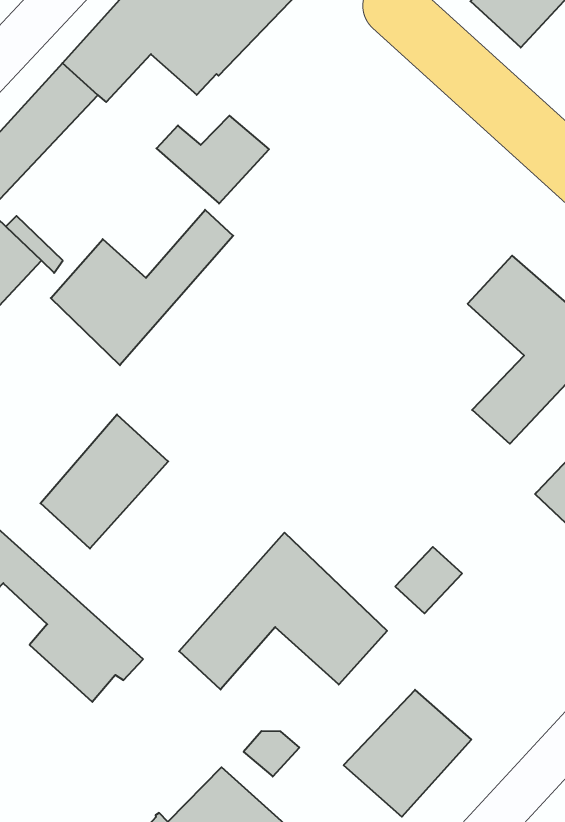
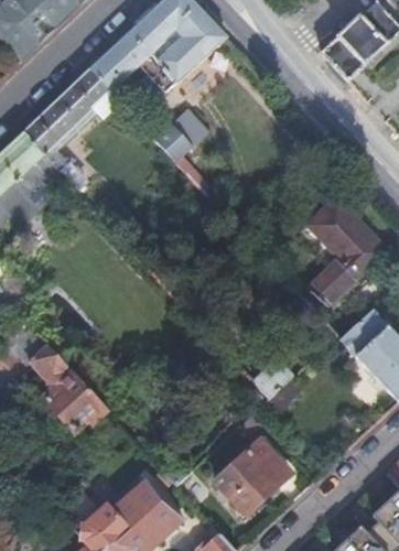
building: [51,210,233,365] -> none
building: [40,414,168,549] -> none
building: [179,533,387,690] -> none

